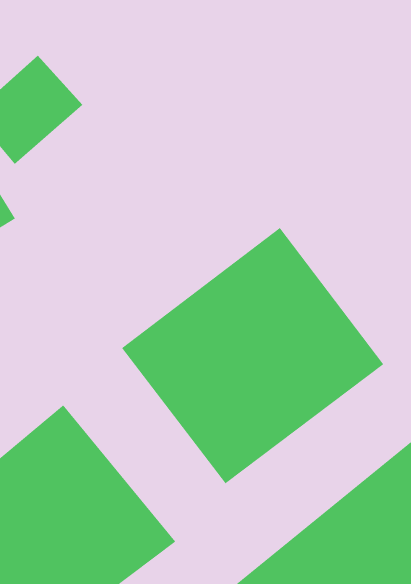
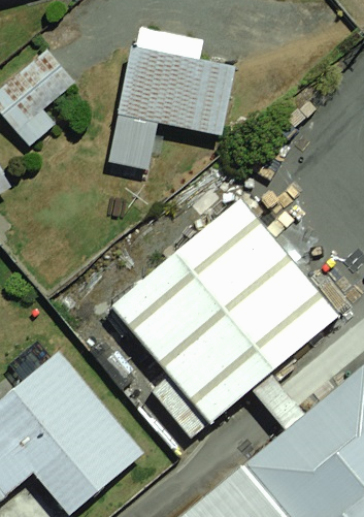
building: none -> [104,29,238,163]

